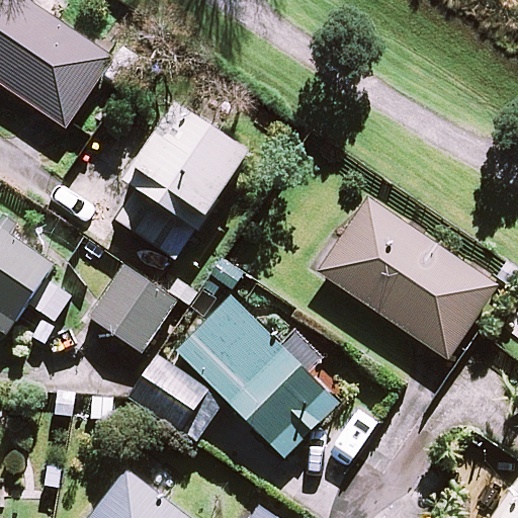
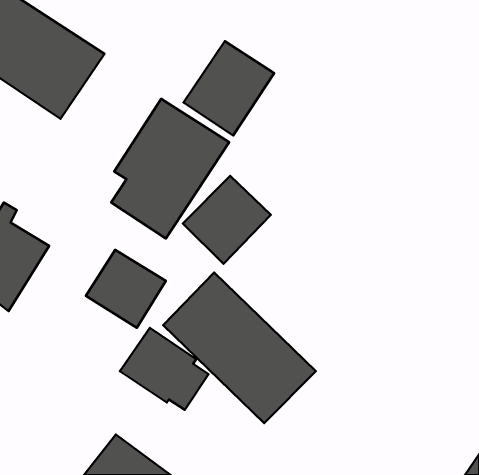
building: none -> [184,41,274,135]
building: none -> [183,176,271,264]
building: [317,195,497,356] -> none

